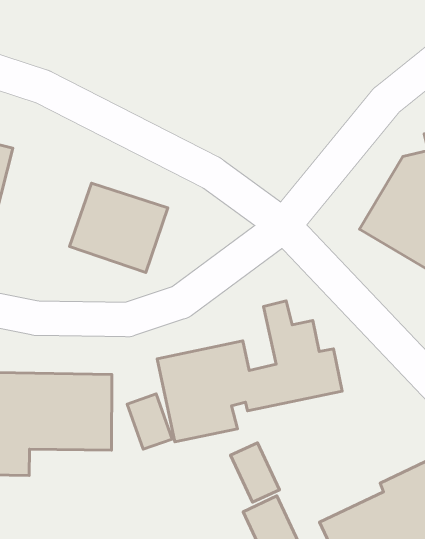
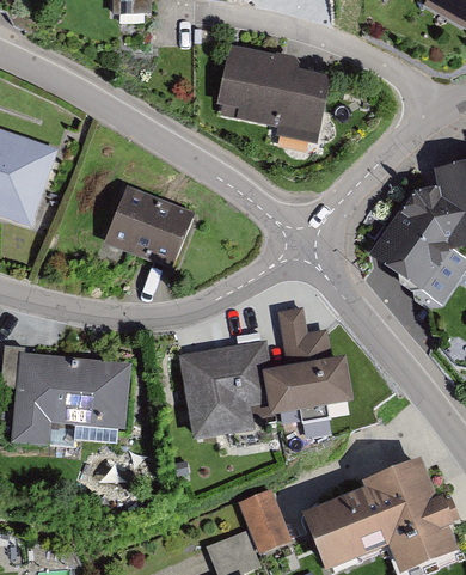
building: none -> [217,44,331,142]
building: [127,394,172,449] -> none
building: [230,443,279,502] -> none

